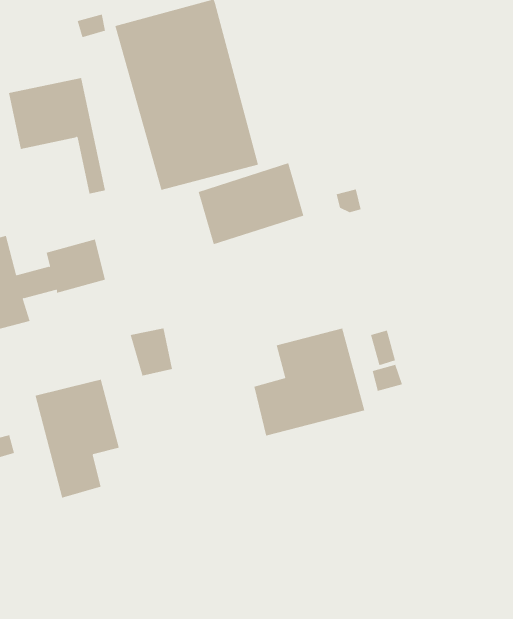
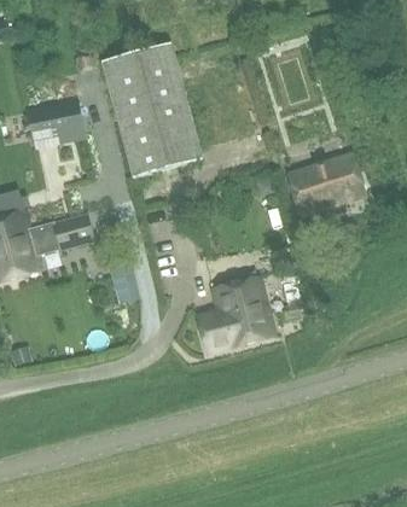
building: [198,163,304,245] -> [289,155,364,212]
building: [35,379,120,498] -> none

